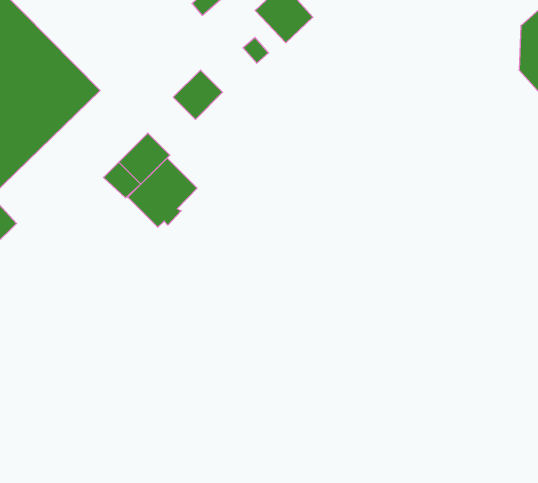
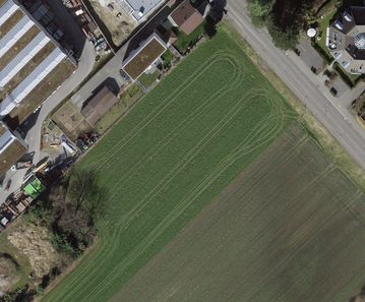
building: none -> [138,34,168,63]
building: [128,158,197,227] -> none

